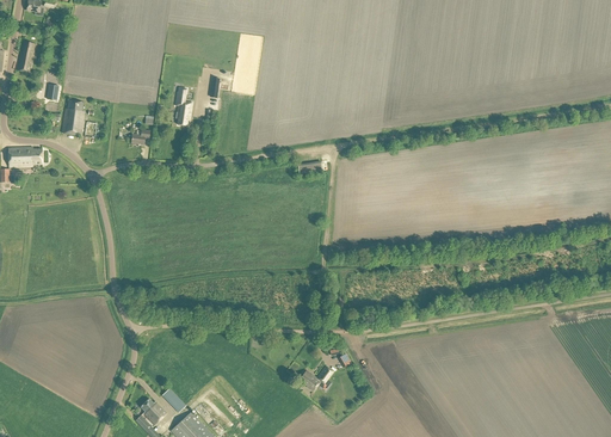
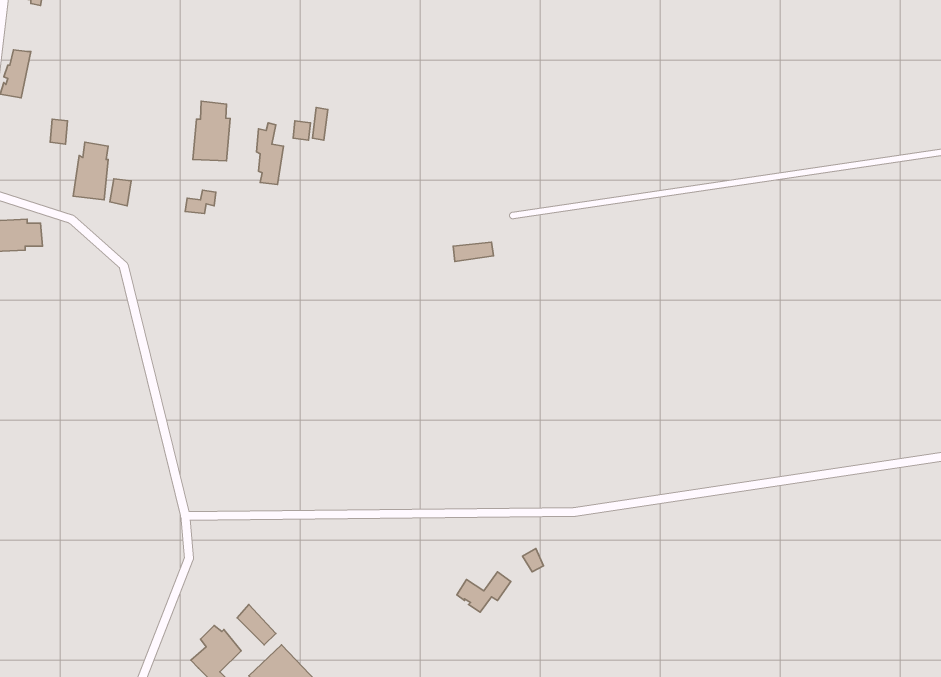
building: none -> [193,101,230,161]

